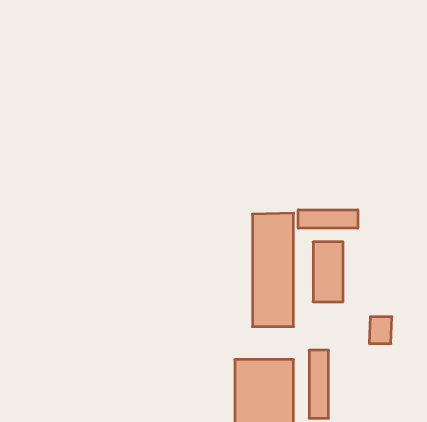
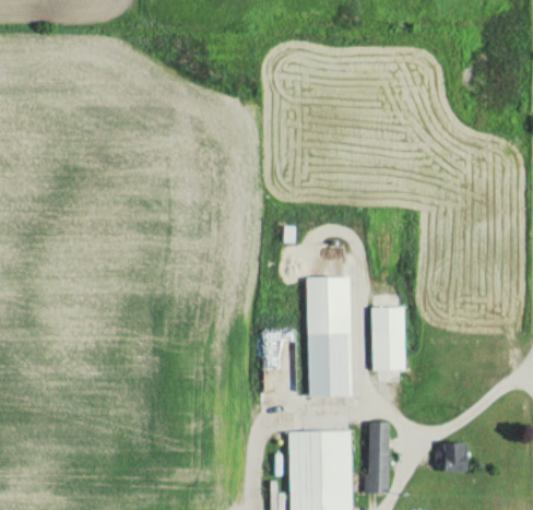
building: [298,210,358,228] -> none
building: [369,317,392,344] -> [442,443,466,472]

